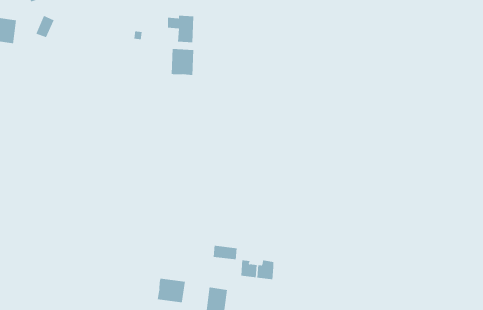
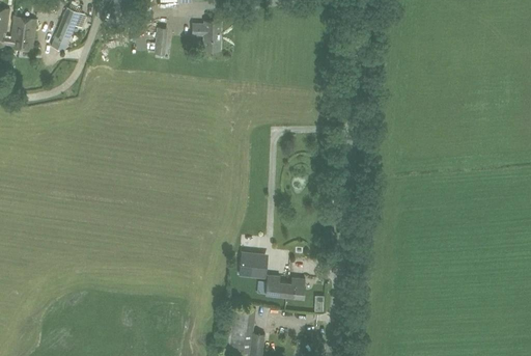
building: [171,48,194,76] -> none
building: [157,278,185,303] -> none

